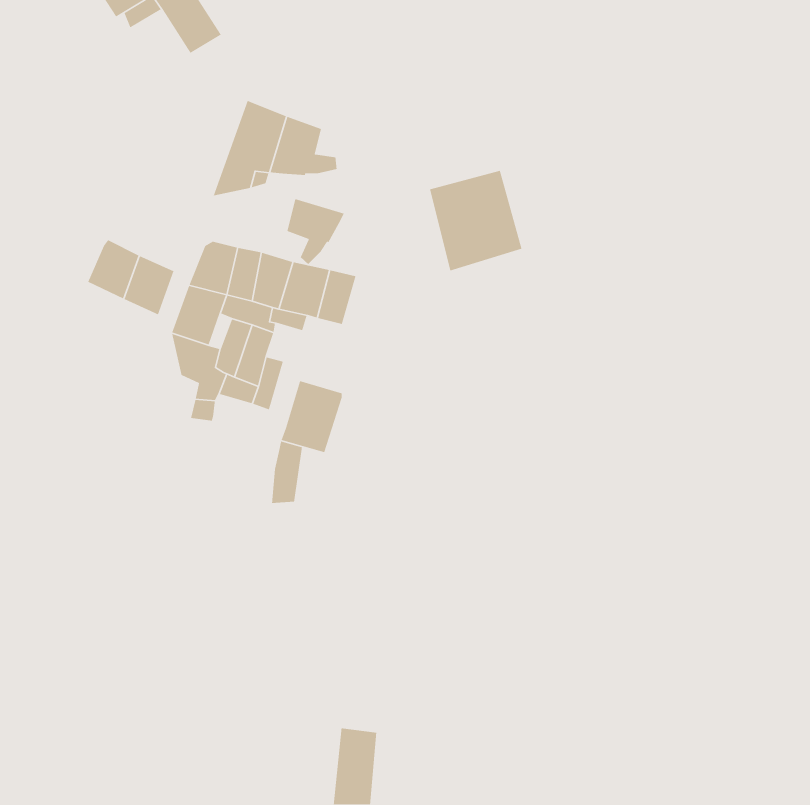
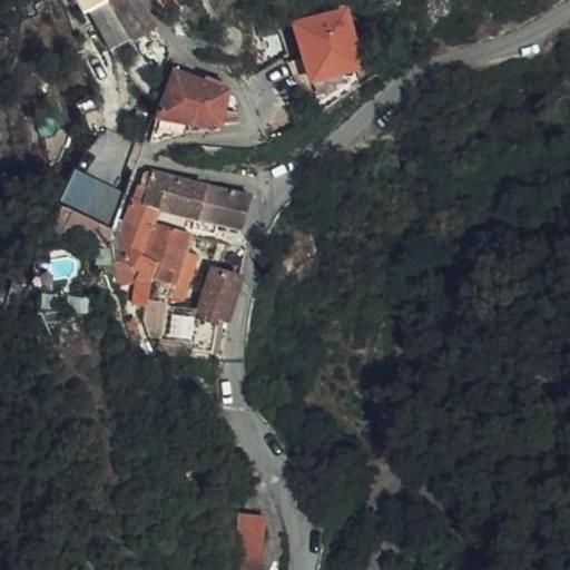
building: [429,170,523,271] -> [295,9,361,80]
building: [286,198,345,265] -> none

